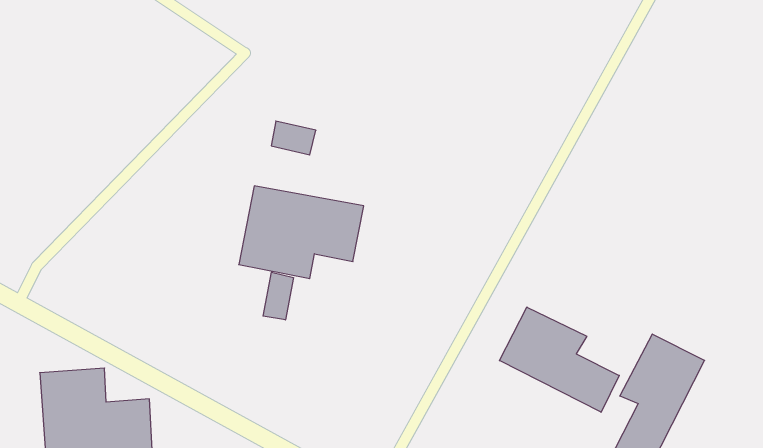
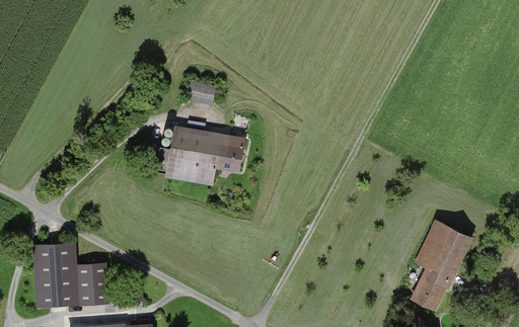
building: [263,272,293,320] -> none
building: [499,307,619,412] -> none

